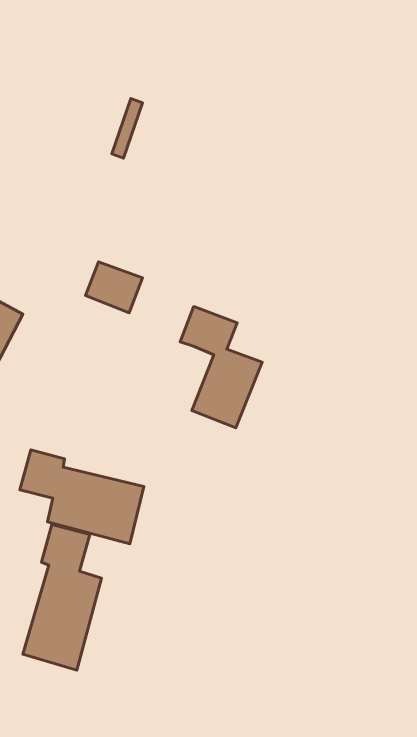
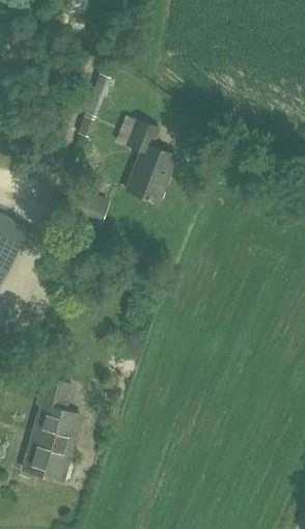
building: [180,307,262,428] -> [117,116,175,202]
building: [20,450,144,544] -> none

